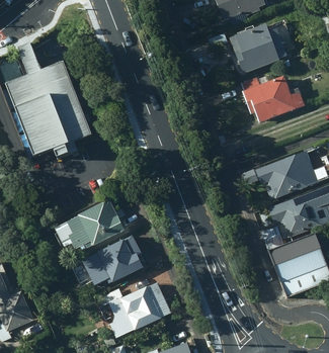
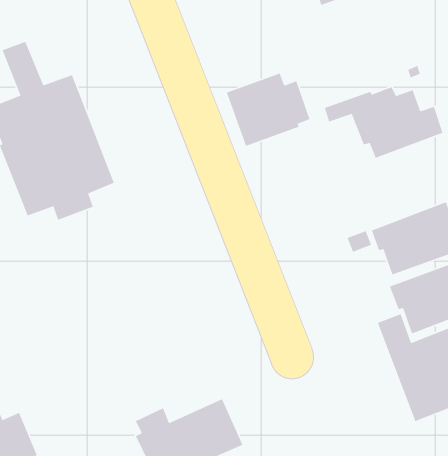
building: [230,22,286,72] -> [226,73,310,147]
building: [55,199,125,250] -> none
building: [83,234,147,284] -> none

